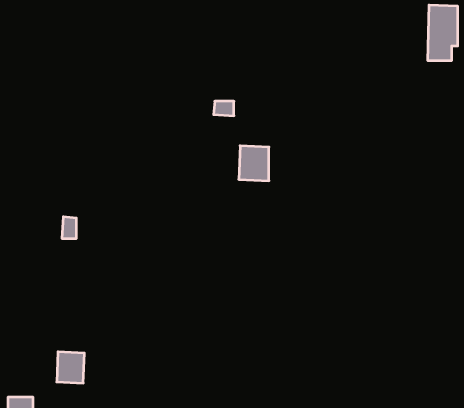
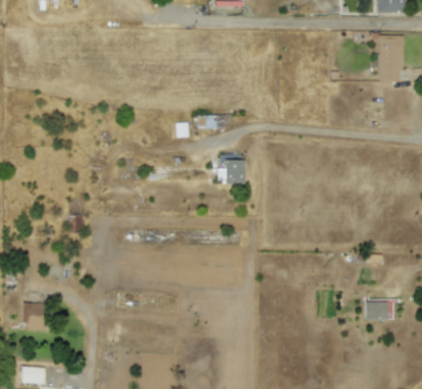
building: none -> [366,301,388,320]
building: [57,352,84,383] -> [24,303,48,330]

